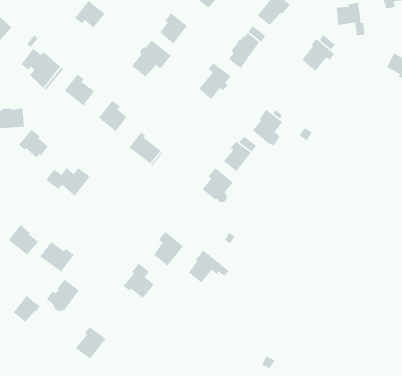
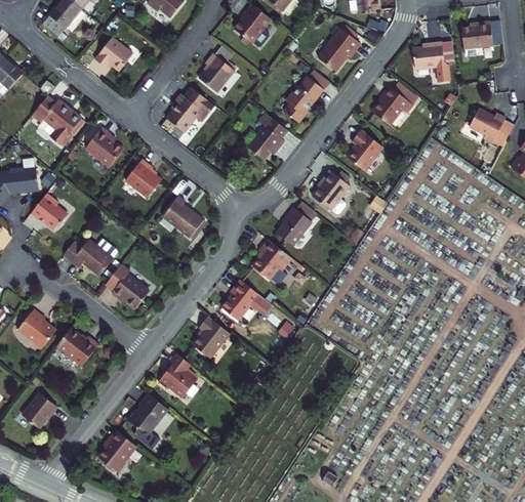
building: none -> [347,130,382,171]
building: none -> [104,265,148,308]
building: [188,249,230,283] -> [221,281,272,322]
building: [46,279,80,312] -> [126,394,167,434]

